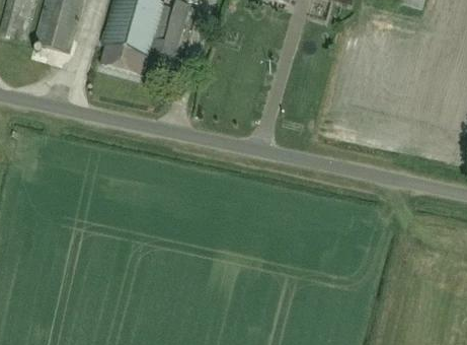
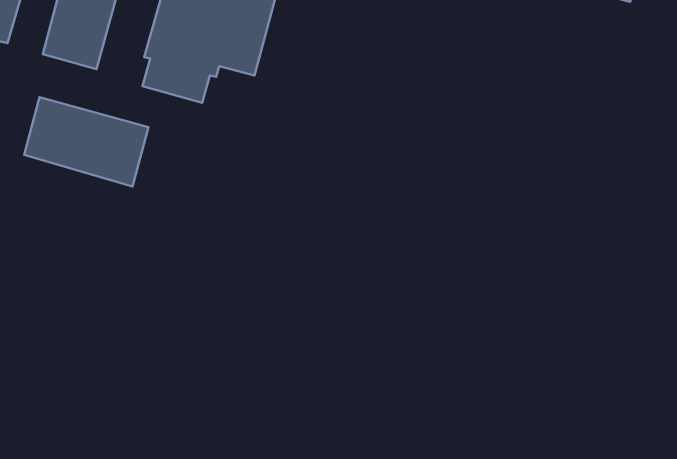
building: none -> [24,97,149,186]

